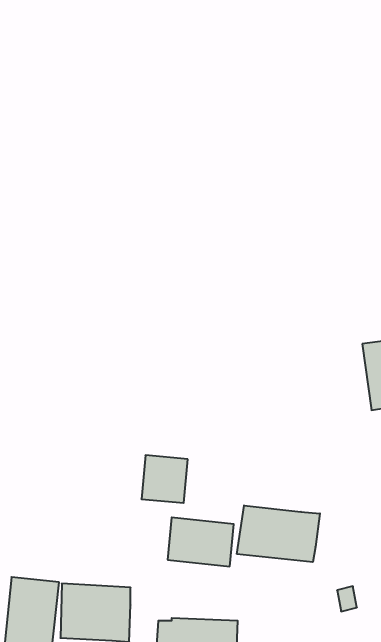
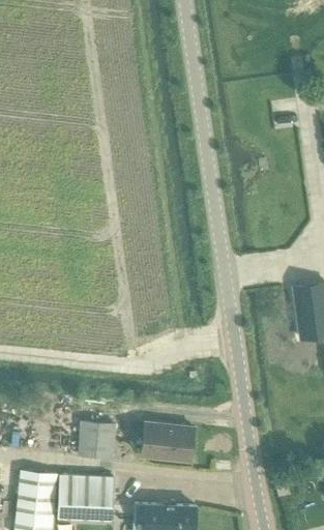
building: [141,455,188,503] -> [79,422,115,460]
building: [237,505,320,562] -> none

